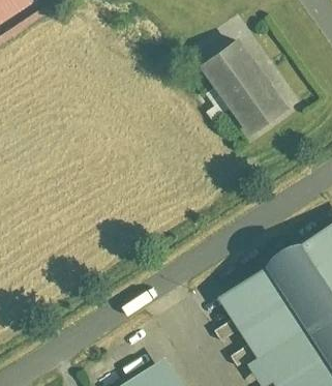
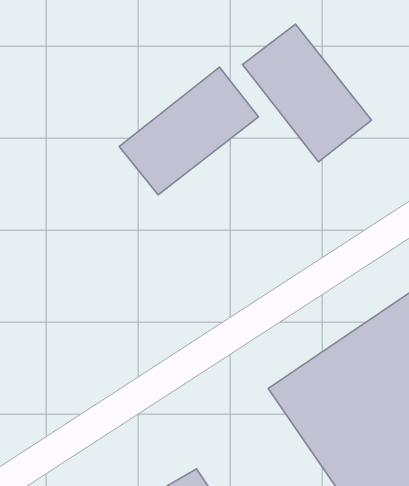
building: none -> [119,67,258,195]

